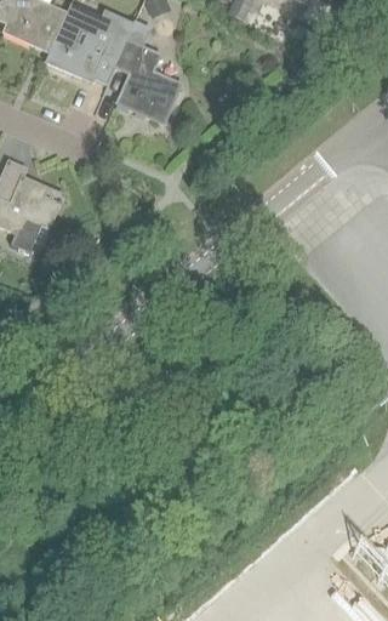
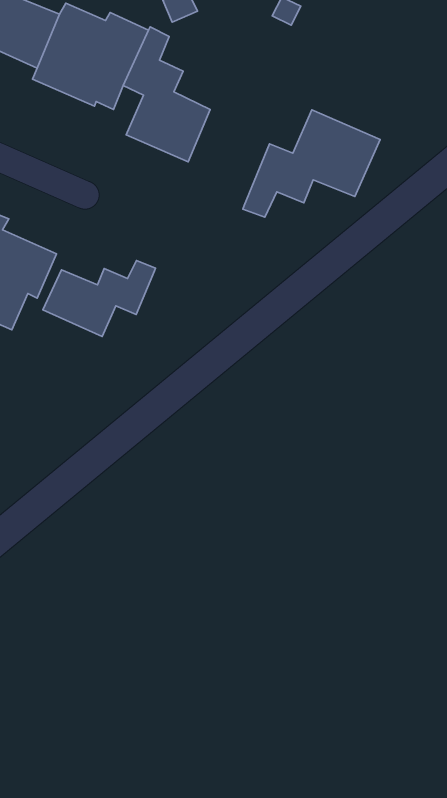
building: none -> [243,110,380,217]
building: none -> [43,261,155,337]

